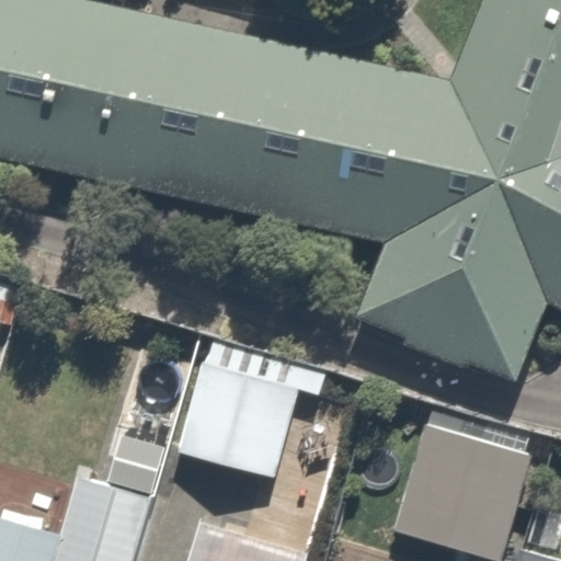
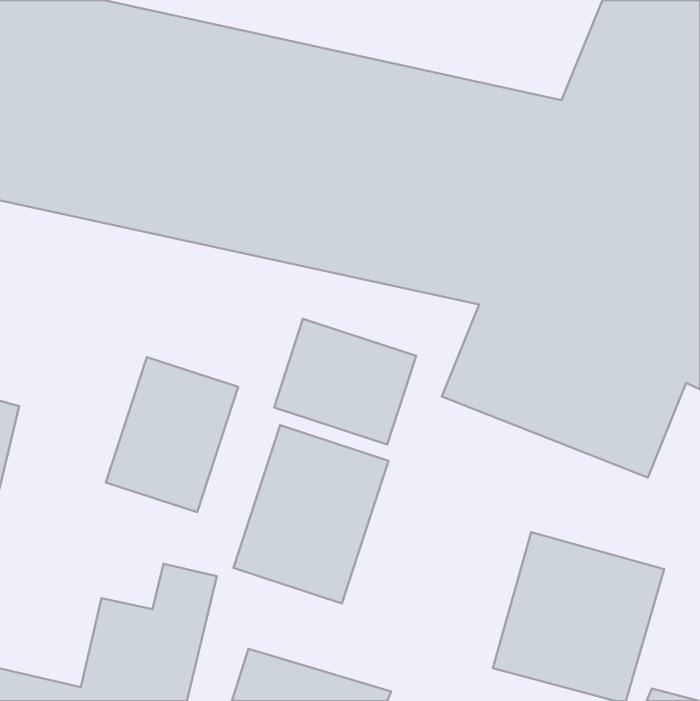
building: none -> [274,319,416,445]
building: none -> [106,357,238,512]

